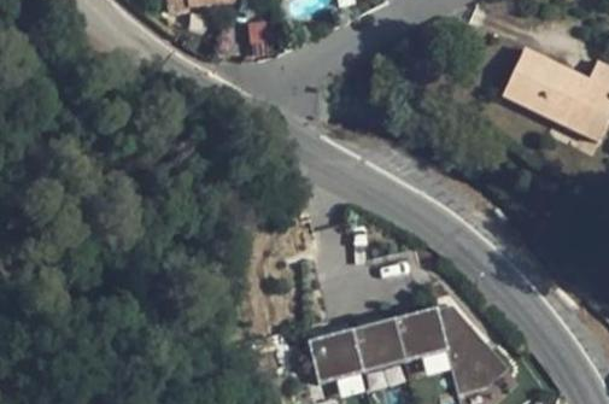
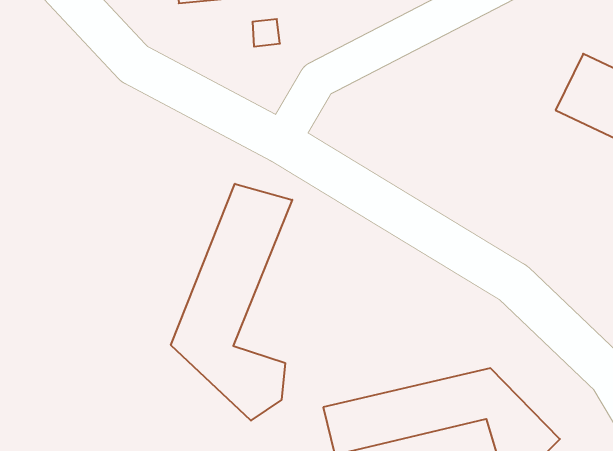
building: none -> [171,184,292,421]

